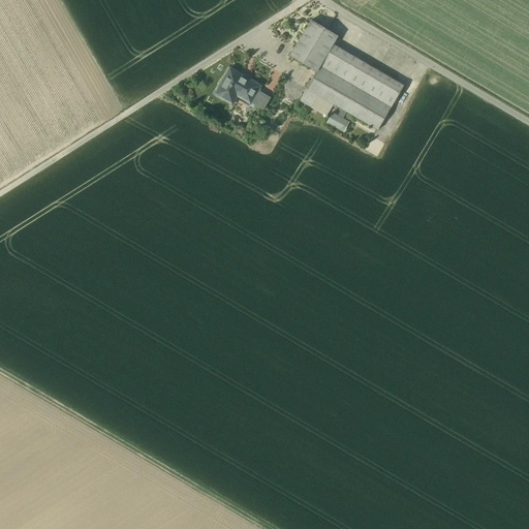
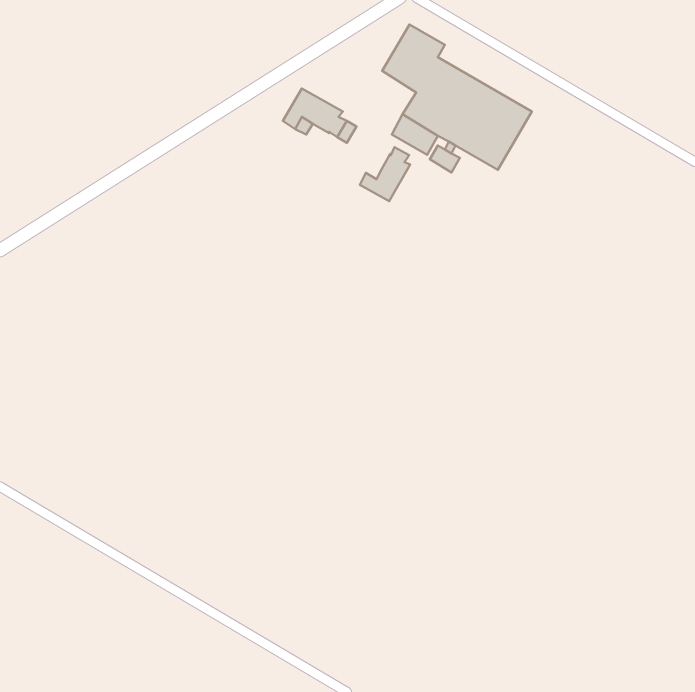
building: none -> [360,147,410,201]

